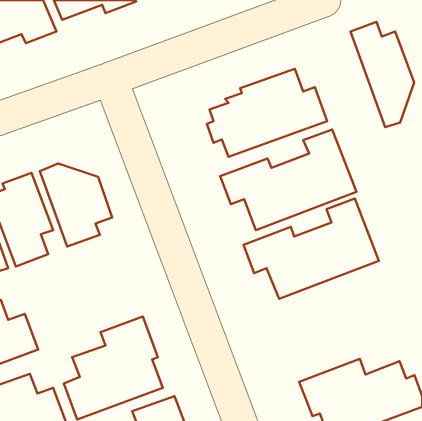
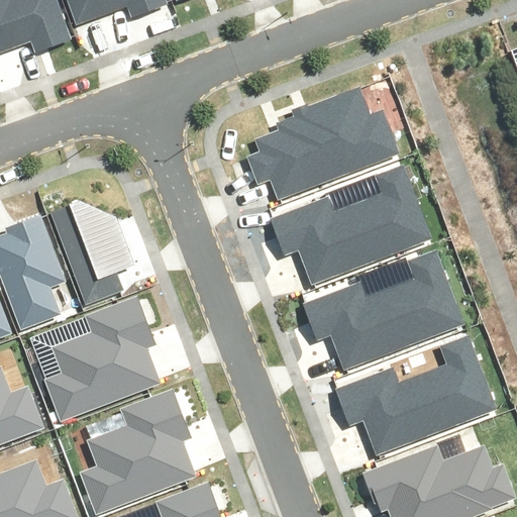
building: [350,22,414,127] -> none
building: none -> [39,297,160,422]
building: none -> [334,332,500,455]

